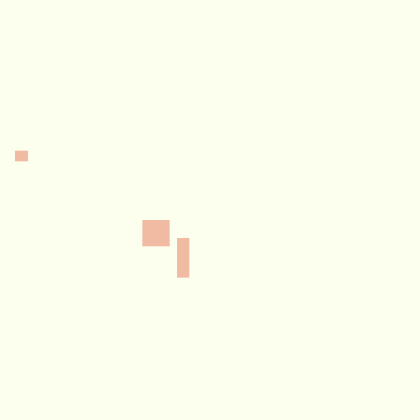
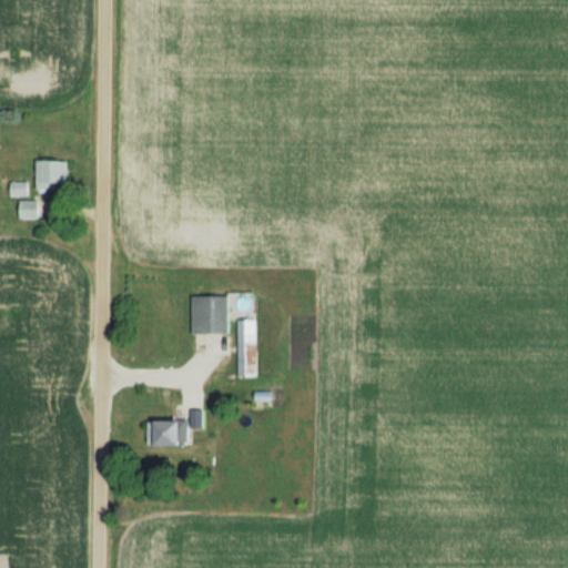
building: none -> [37,161,68,192]
building: none -> [148,420,185,445]

